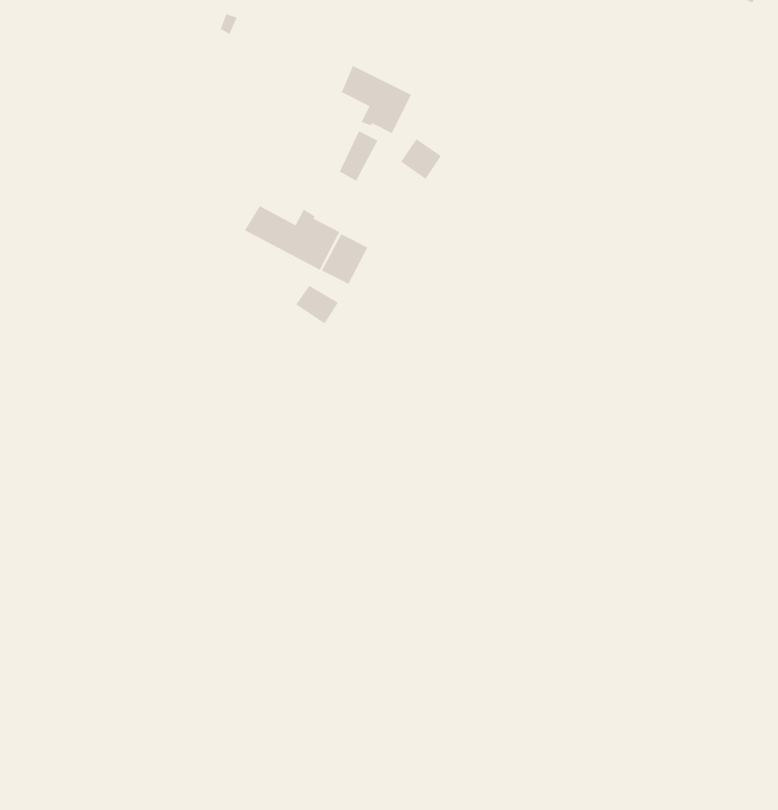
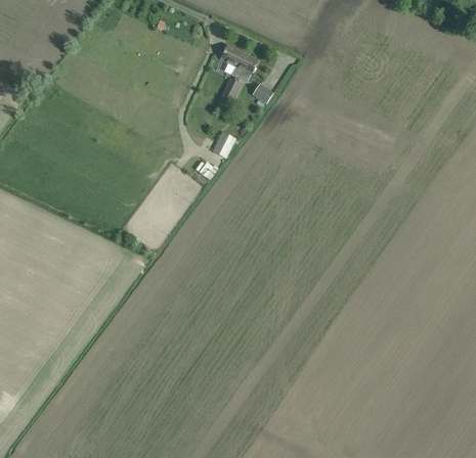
building: [244,205,340,271] -> none

